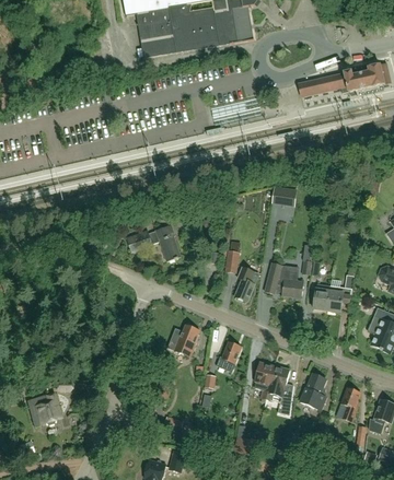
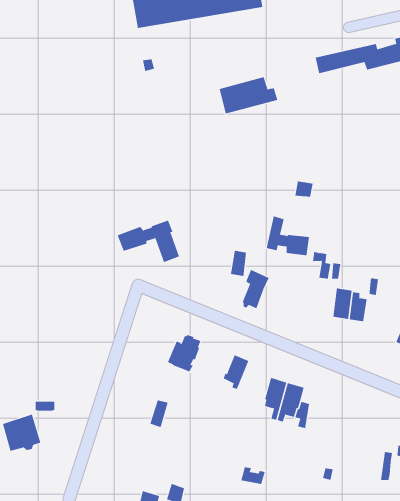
building: [265,262,303,297] -> [266,215,310,256]
building: [300,373,326,410] -> none
building: [335,386,360,422] -> none

